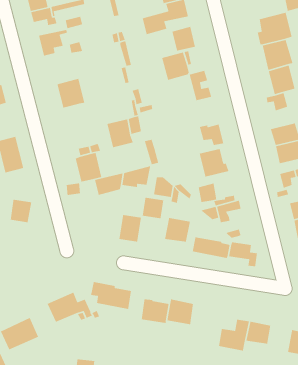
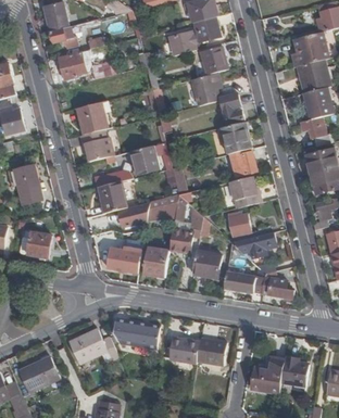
building: none -> [221,122,251,154]
building: none -> [78,129,112,162]
building: none -> [108,246,138,271]

